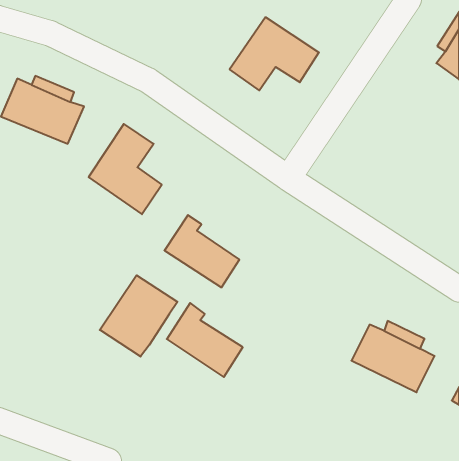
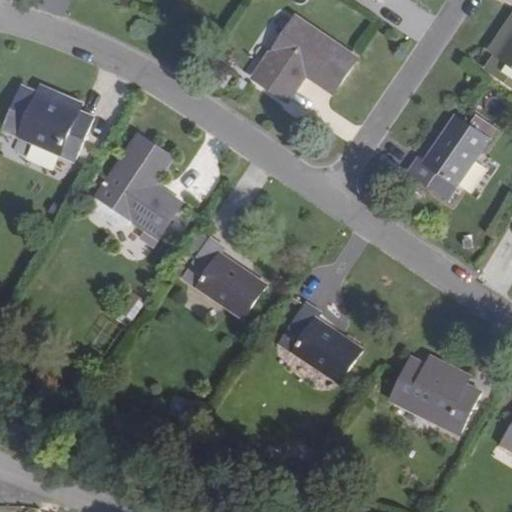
building: none -> [405,115,488,200]
building: [100,275,177,357] -> none
building: [167,303,243,377] -> [278,302,362,384]

